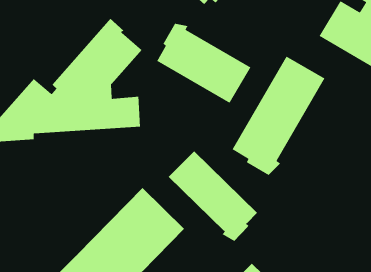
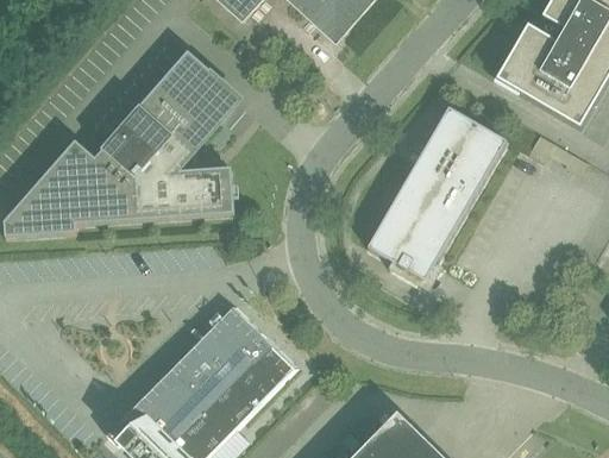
building: [156,23,252,104] -> none
building: [168,151,258,242] -> none

